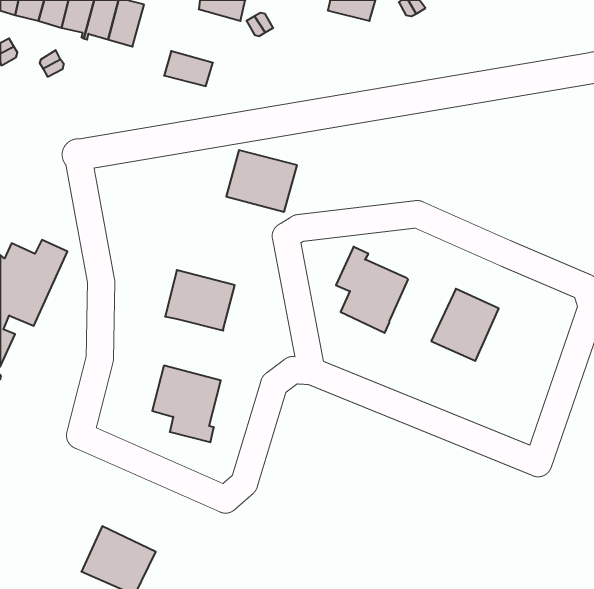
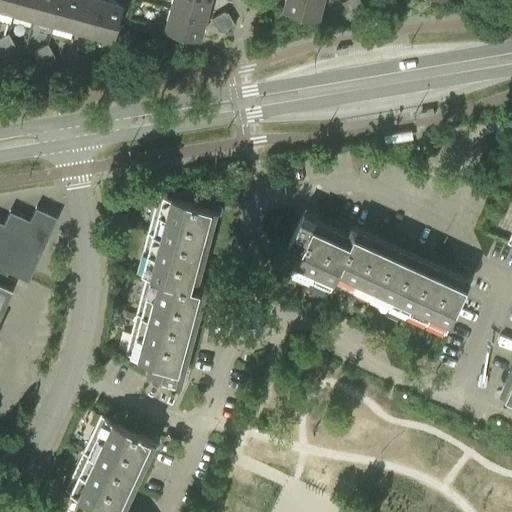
building: [164,51,213,86] -> [165,13,207,43]
building: [226,150,297,212] -> [152,197,213,250]
building: none -> [335,235,392,298]
building: none -> [409,270,467,333]
building: none -> [141,279,201,332]
building: none -> [88,420,151,479]

